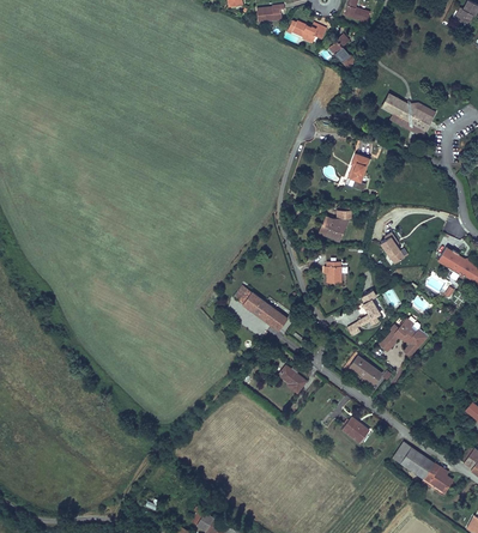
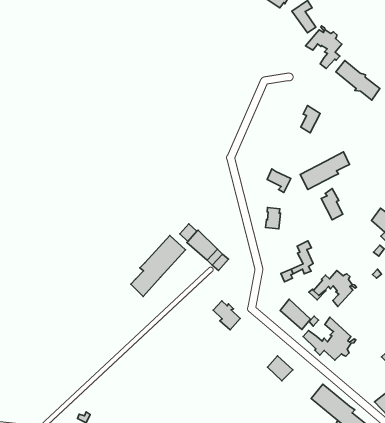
building: none -> [306,26,342,69]
building: none -> [300,152,349,190]
building: none -> [131,236,185,297]
building: none -> [303,317,356,360]

